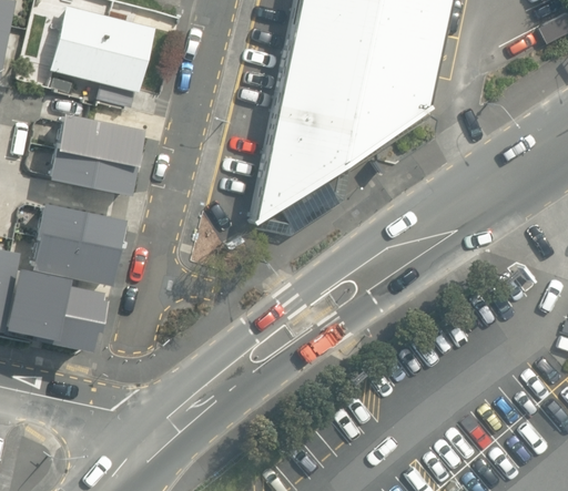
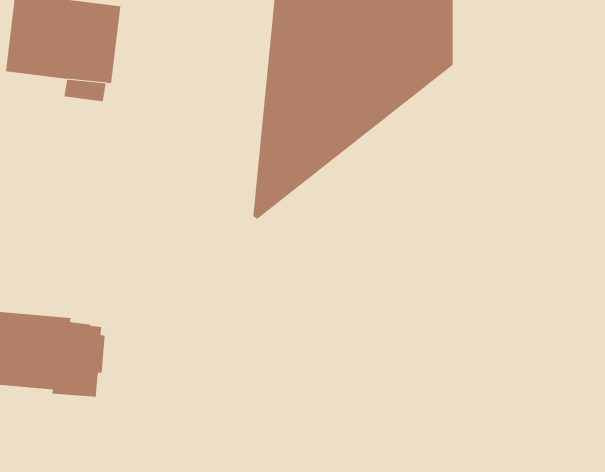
building: [51,114,146,197] -> none
building: [33,204,129,287] -> none

